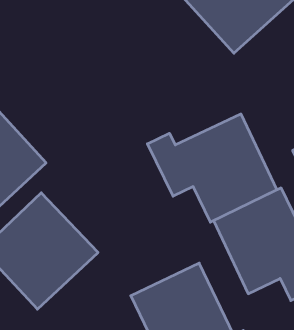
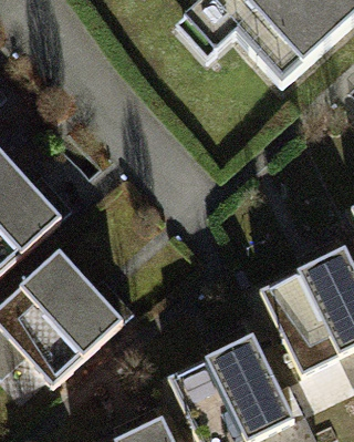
building: [147,114,277,222] -> none

